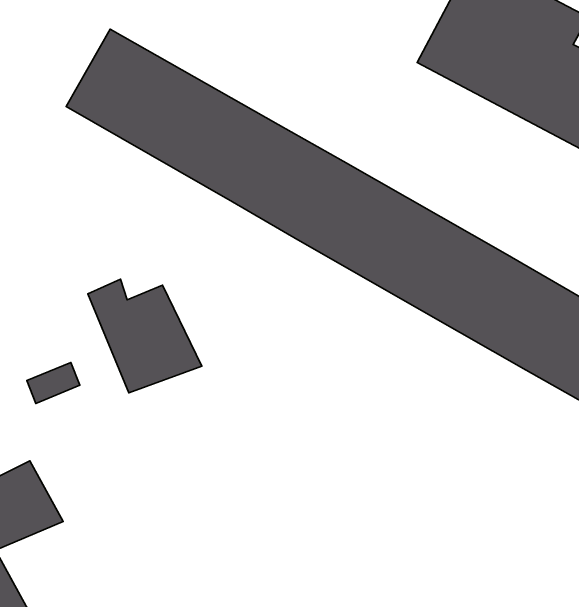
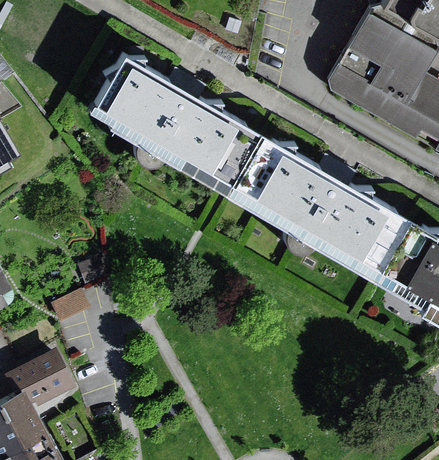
building: [88,279,202,393] -> none

